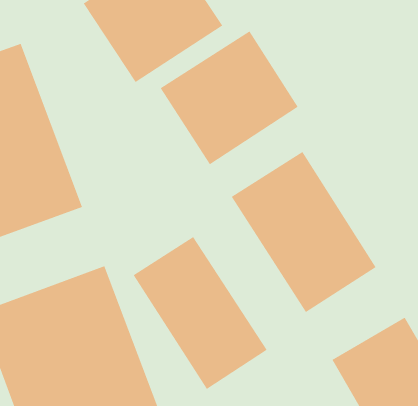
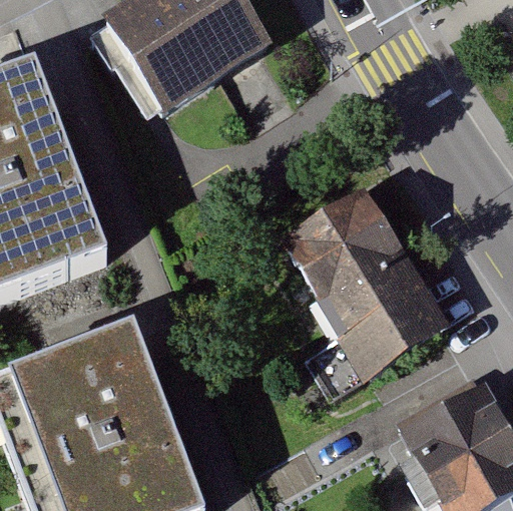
building: [160,30,299,165] -> none
building: [133,236,267,390] -> none

